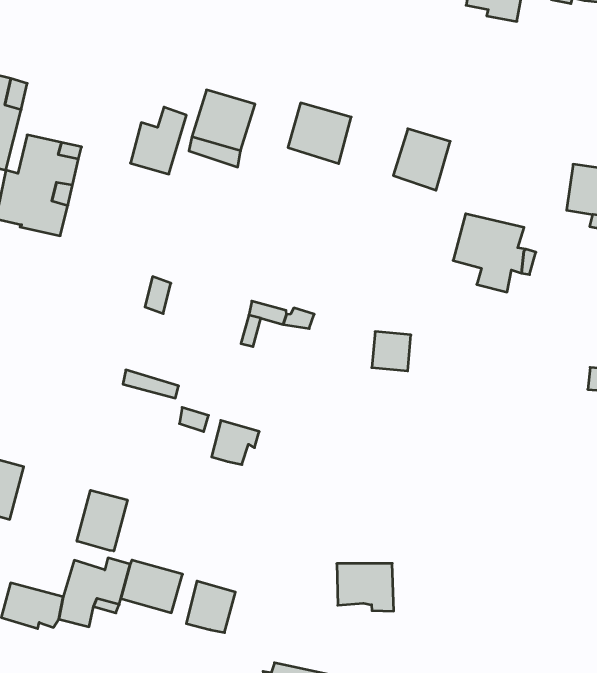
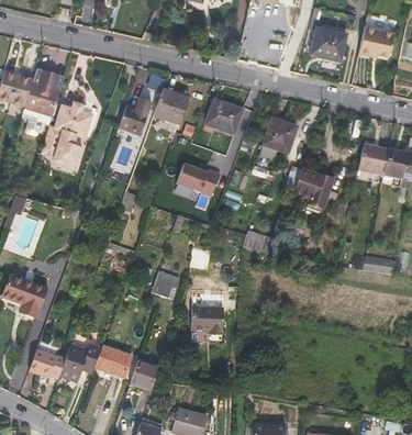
building: none -> [177,163,221,196]
building: [77,490,127,551] -> none
building: [337,563,394,611] -> [191,306,223,335]

